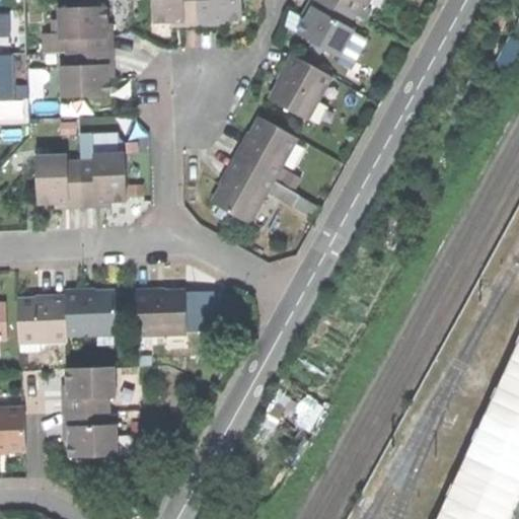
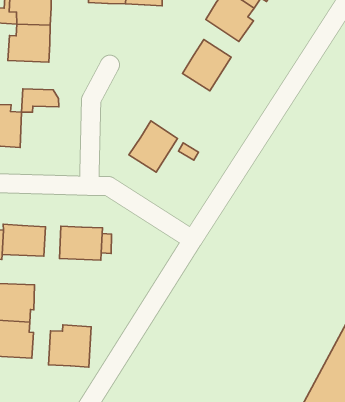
building: [238,120,296,180] -> none
building: [81,151,127,203] -> none
building: none -> [48,325,91,367]

